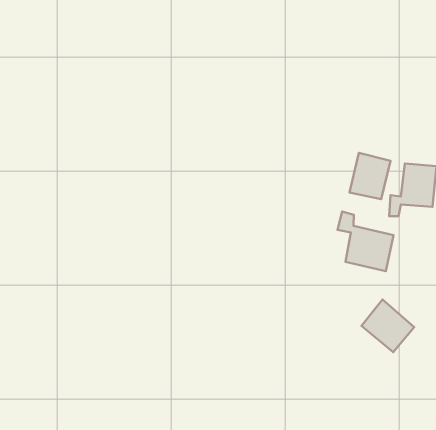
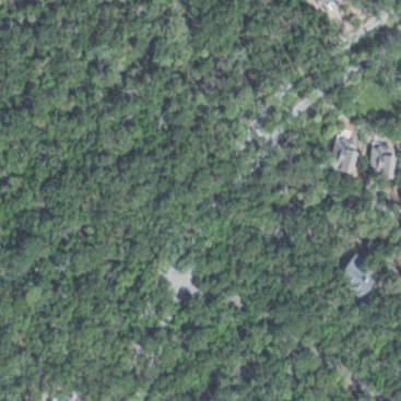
building: [337,211,393,271] -> none

